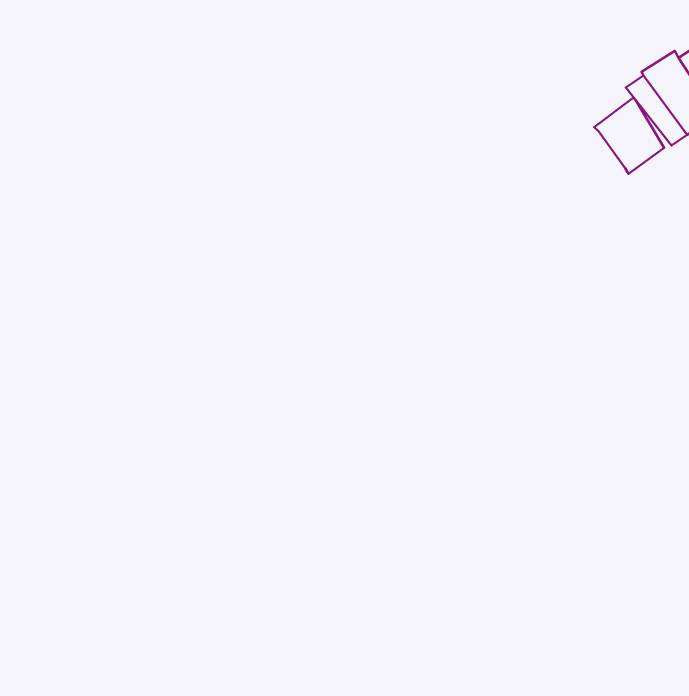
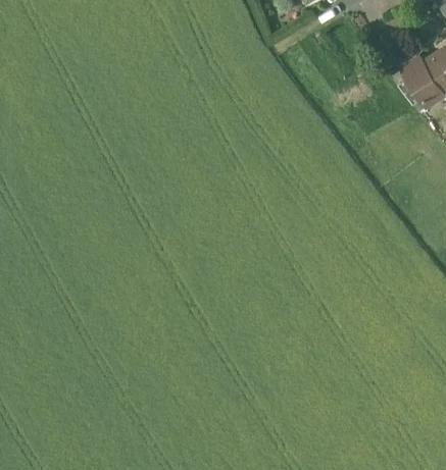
building: [594,98,664,174] -> none

